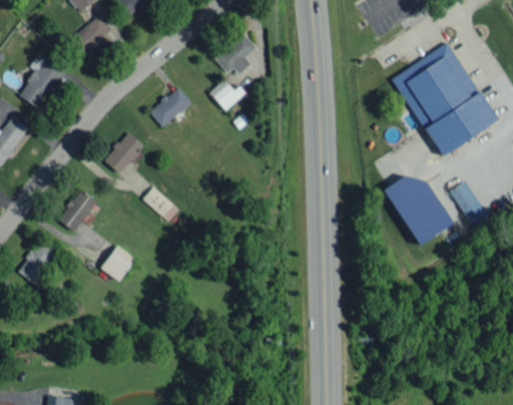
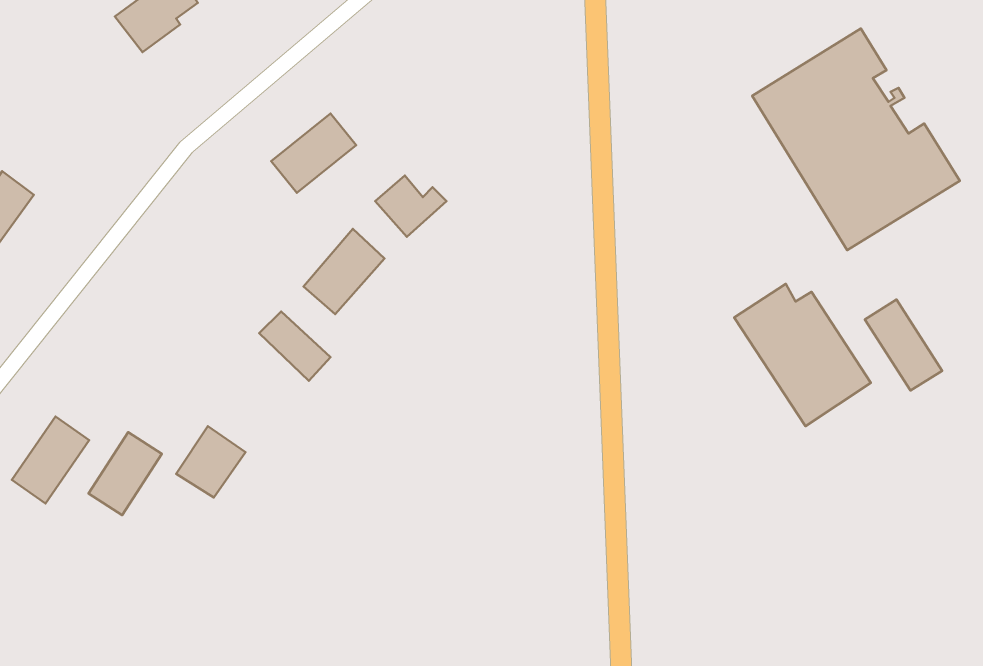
building: [215,34,256,75] -> none
building: [19,53,66,109] -> none
building: [210,80,246,111] -> [375,175,446,237]
building: [104,132,145,175] -> [303,229,385,314]
building: [59,190,96,233] -> [89,432,162,515]

